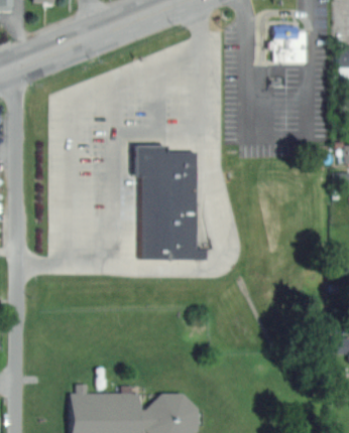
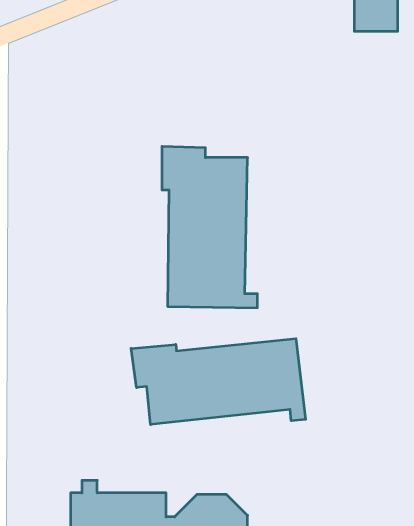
building: none -> [131,339,306,425]

